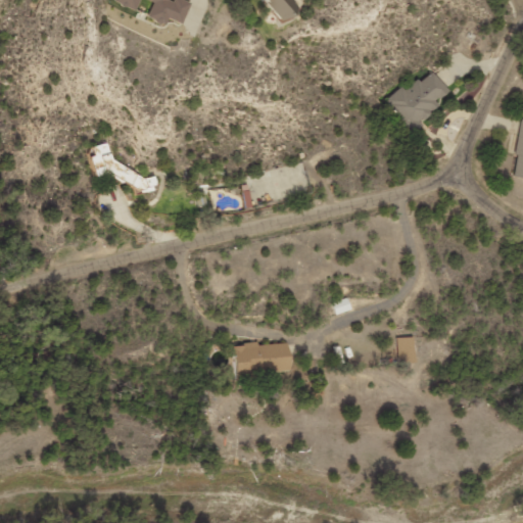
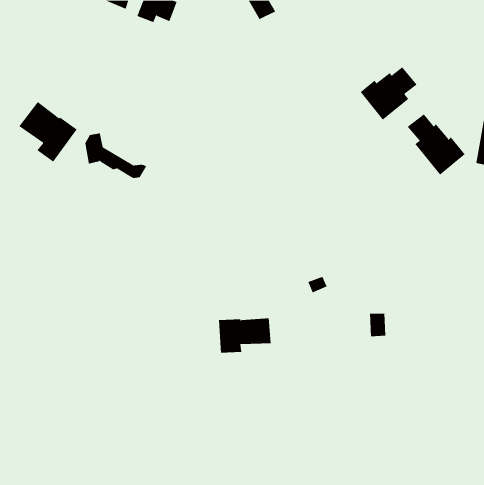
building: none -> [19,101,78,162]
building: none -> [407,113,465,176]

